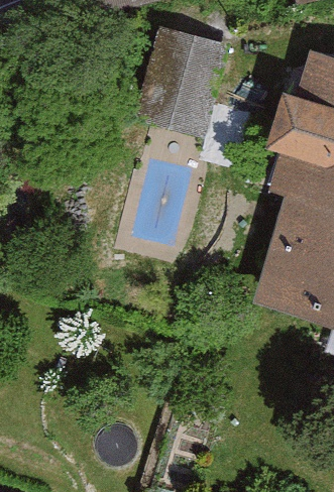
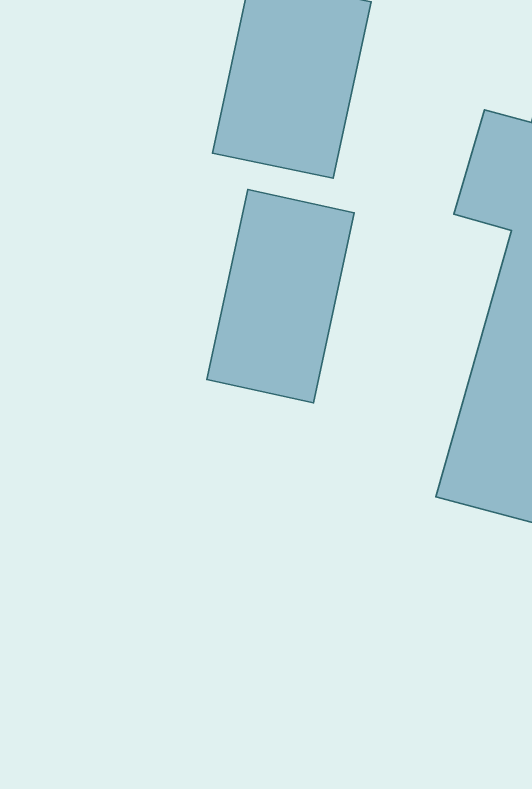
building: none -> [207,189,354,403]

